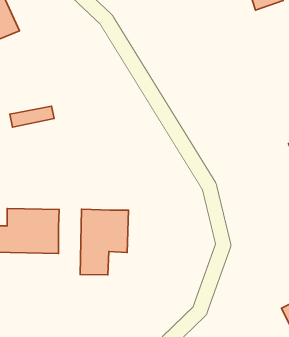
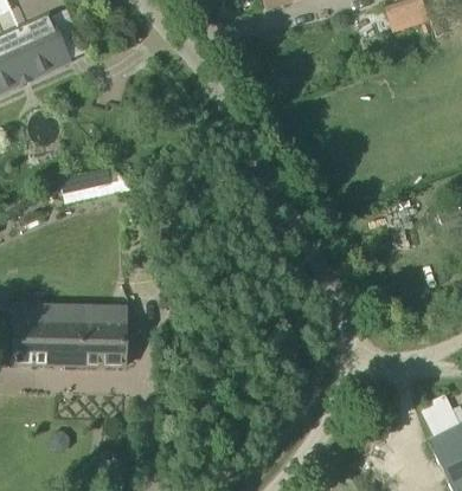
building: [80,209,128,275] -> none

